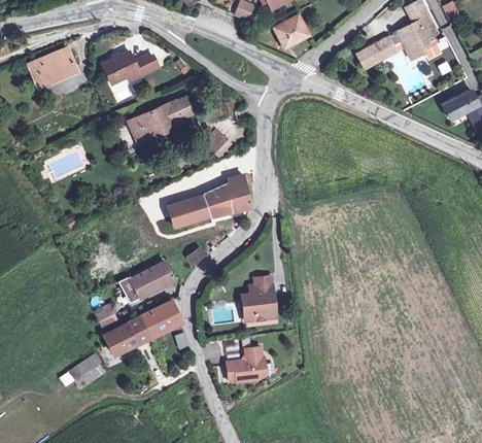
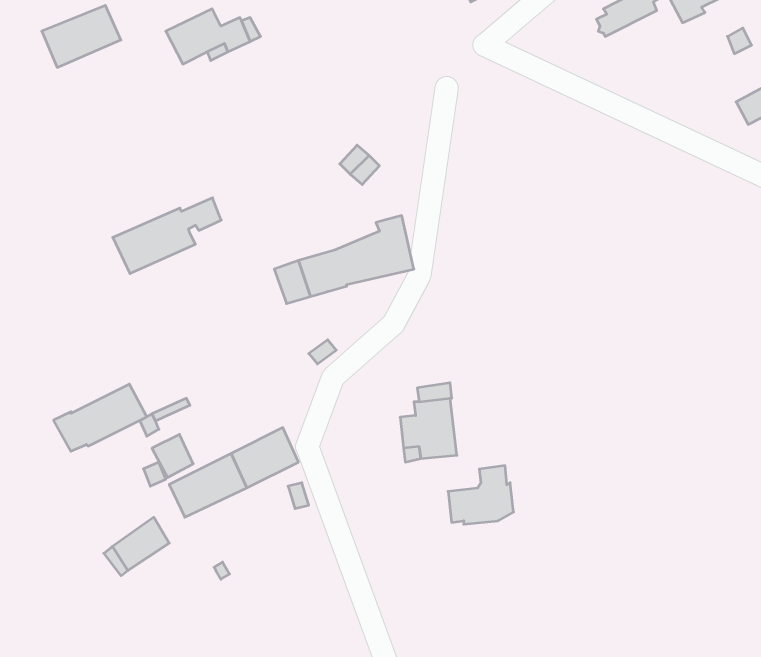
building: [128,98,193,143] -> [113,198,221,274]
building: [118,260,174,300] -> [54,384,147,451]
building: [226,346,265,381] -> [448,466,514,524]

